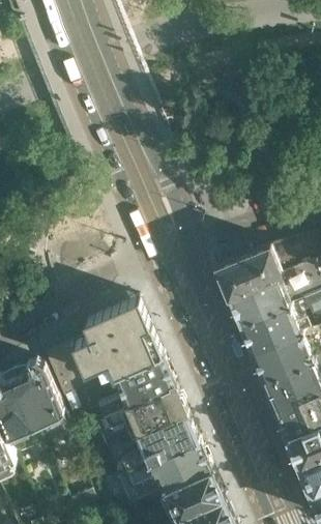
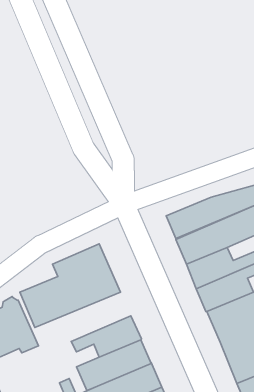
building: [59,358,172,421] -> none

